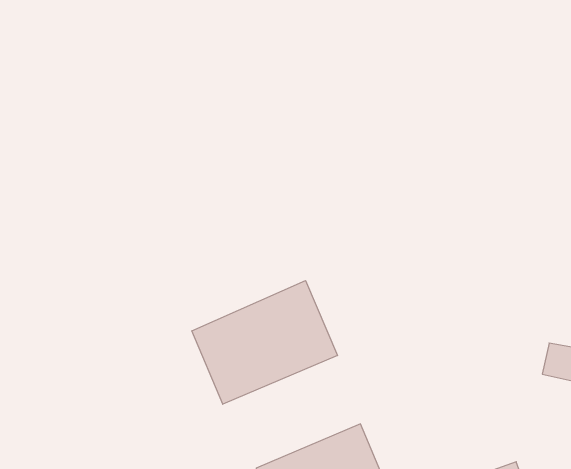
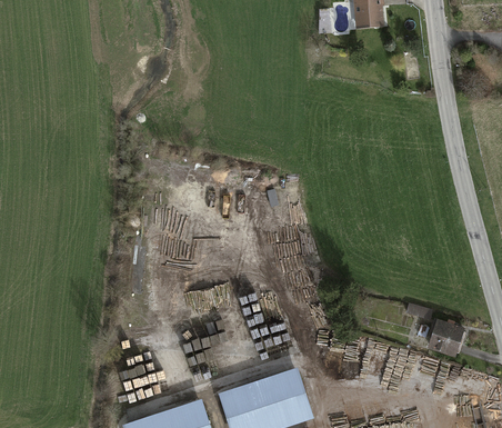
building: [192,281,337,404] -> none

